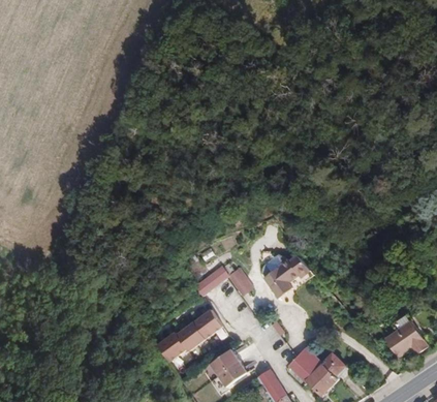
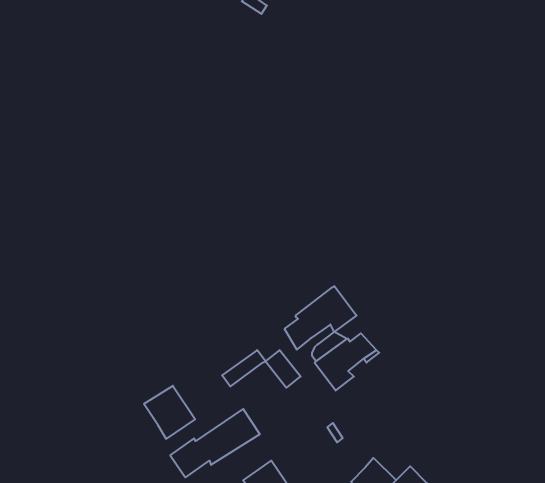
building: none -> [285,286,357,350]
building: none -> [144,386,195,439]
building: [383,320,428,358] -> none

